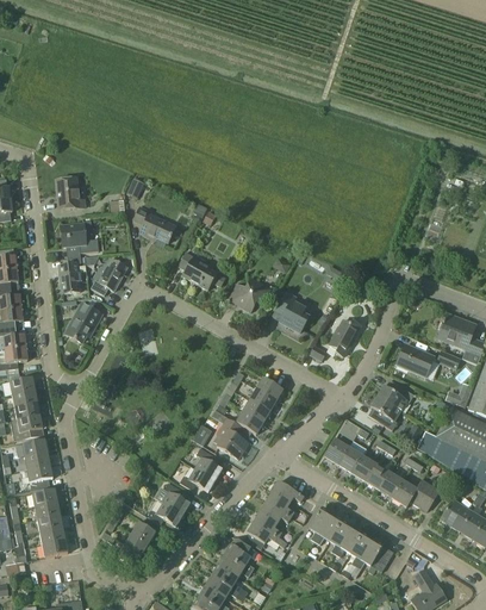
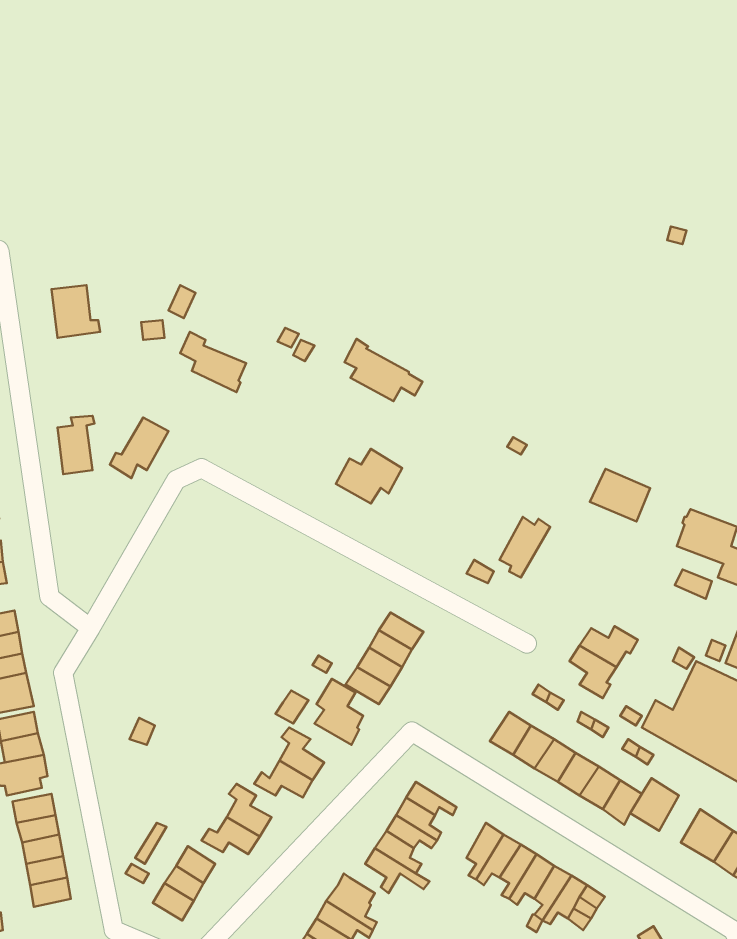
building: [61,220,99,253] -> none
building: [179,251,226,290] -> [345,339,423,401]
building: [276,292,309,332] -> none
building: [66,303,102,342] -> none
building: [397,344,434,376] -> [590,469,650,521]

